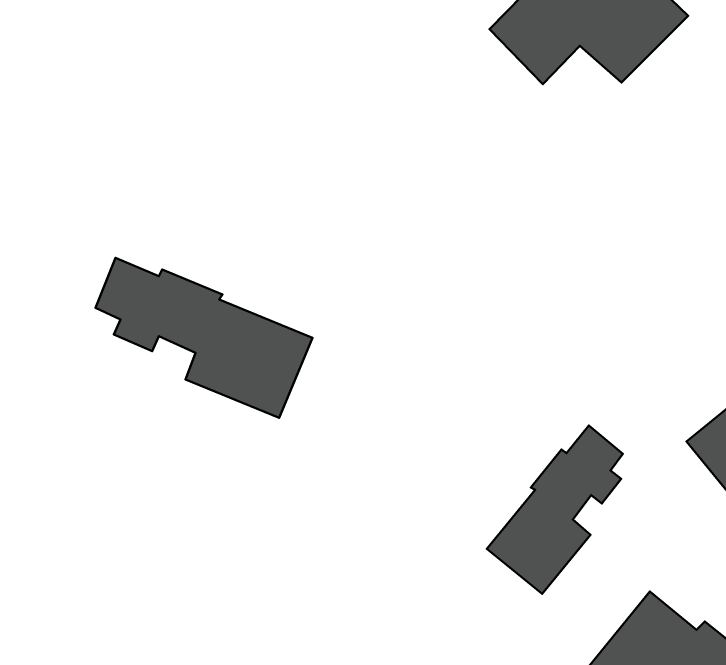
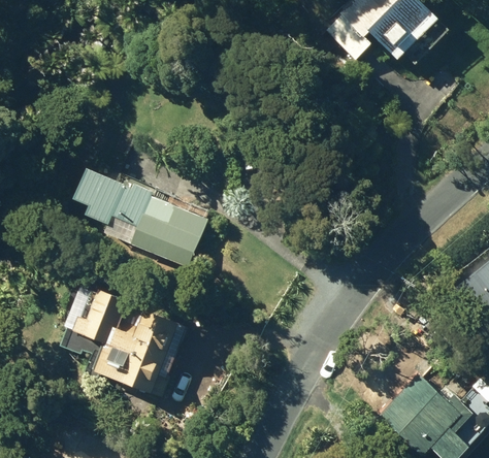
building: [487,425,623,594] -> none
building: none -> [63,285,189,399]

